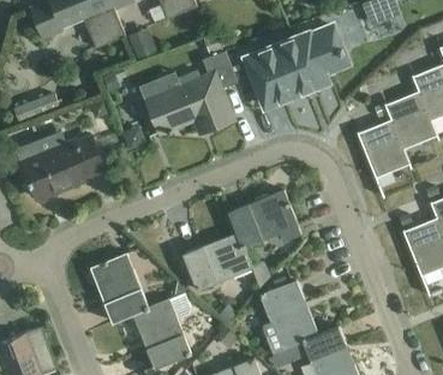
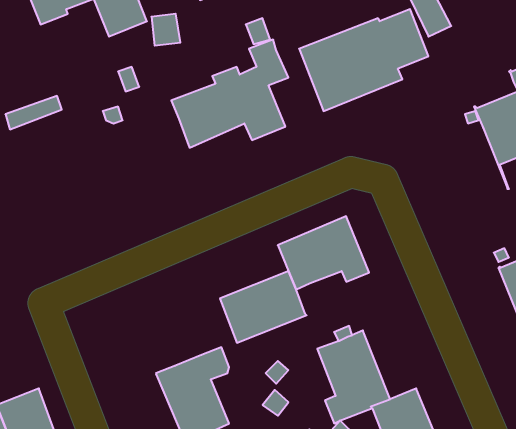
building: [358,120,409,197] -> none
building: [19,135,104,198] -> none
building: [91,254,149,323] -> none

